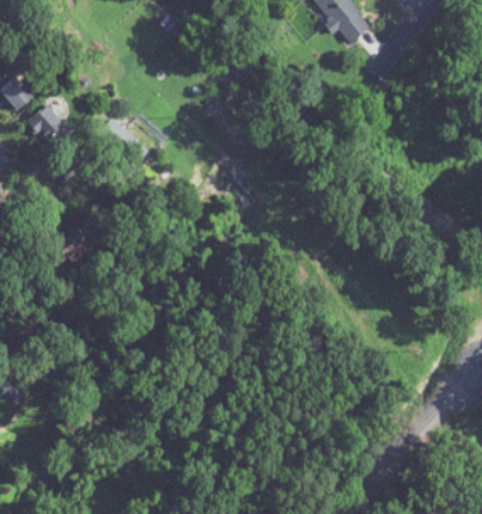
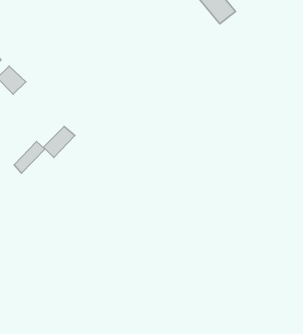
building: none -> [43,126,75,157]

